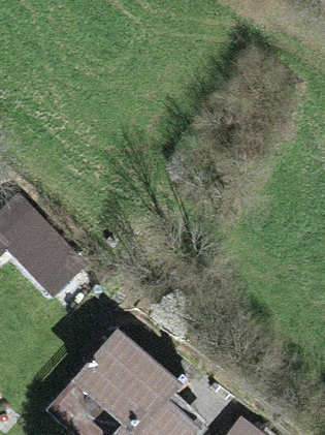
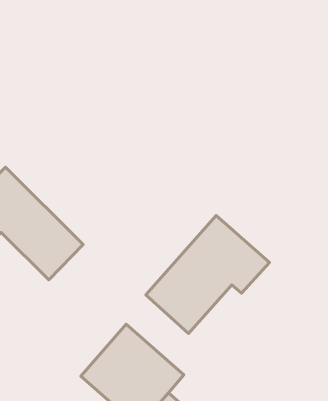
building: none -> [146,215,270,333]

